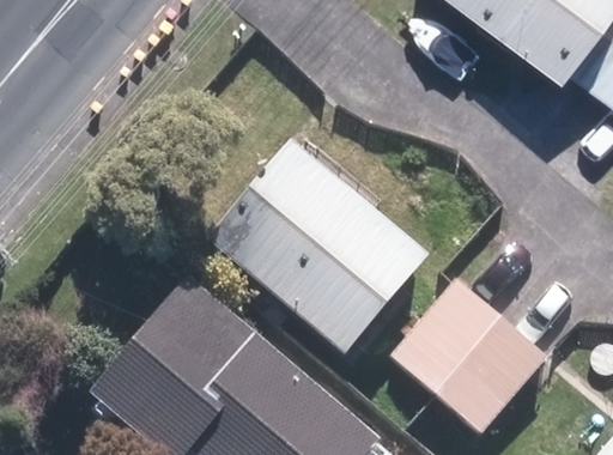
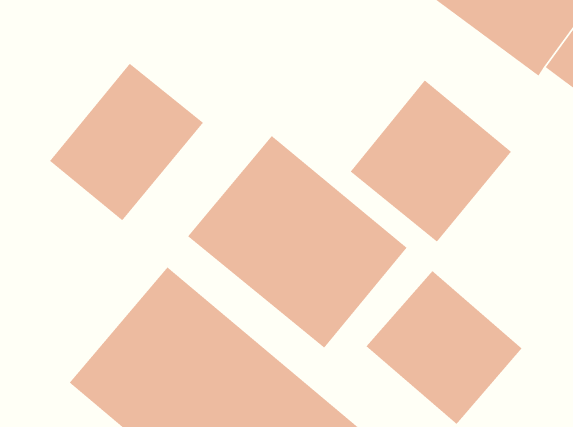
building: none -> [49,63,204,221]
building: none -> [350,79,512,243]

